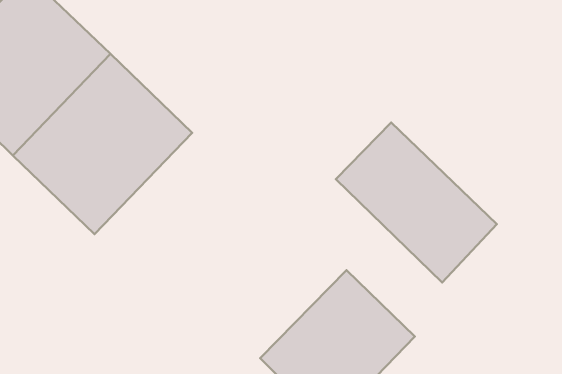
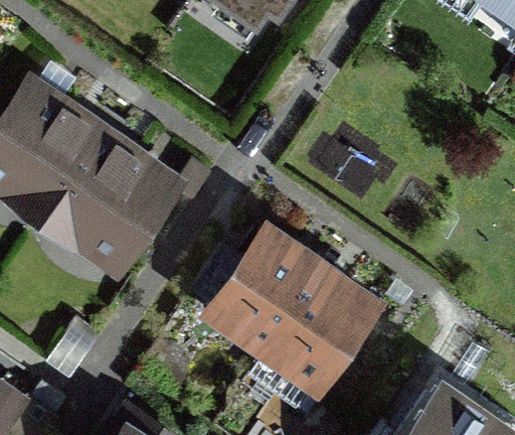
building: [336,123,497,282] -> none
building: none -> [199,226,320,351]

